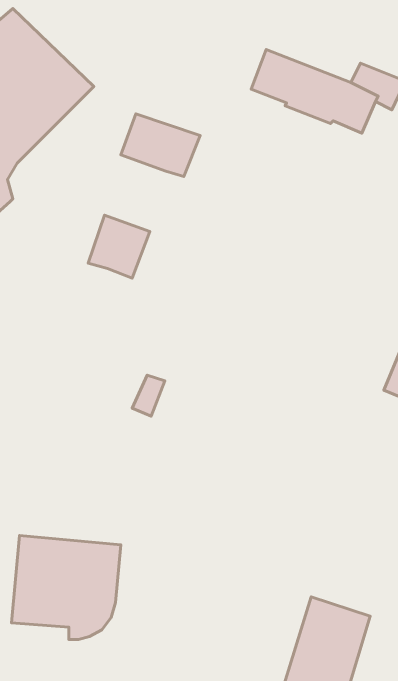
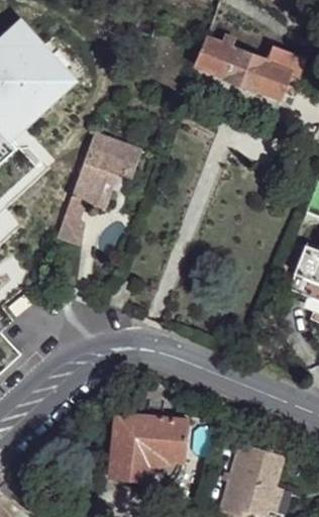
building: [121,114,200,177] -> [87,131,145,178]
building: none -> [60,197,89,245]
building: [11,535,121,639] -> [108,415,189,492]

